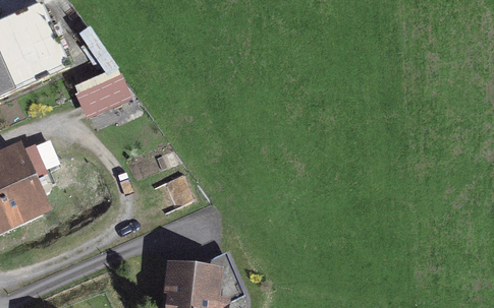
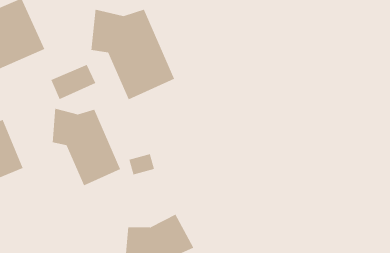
building: none -> [91,9,175,100]
building: none -> [52,108,121,186]

